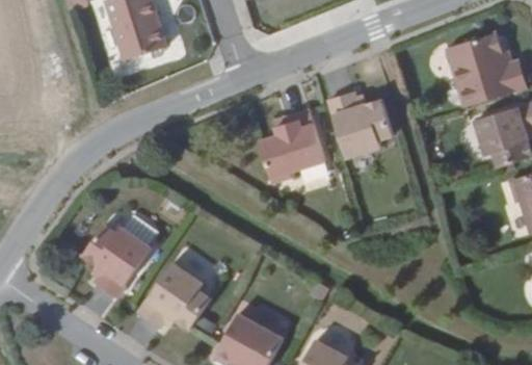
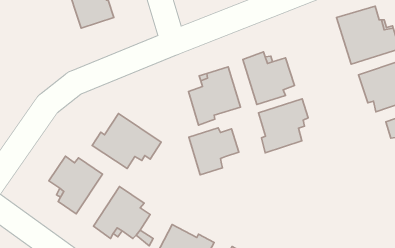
building: none -> [258,99,308,153]
building: none -> [92,114,161,168]
building: none -> [189,128,239,175]

